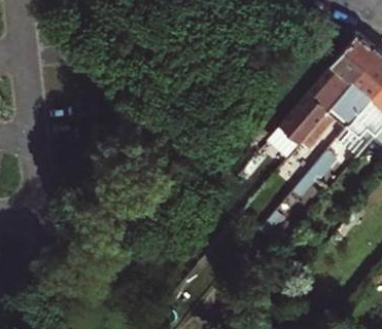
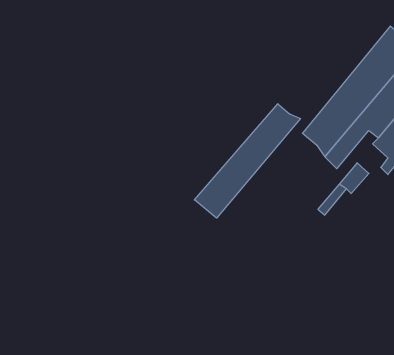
building: none -> [194,104,301,218]

